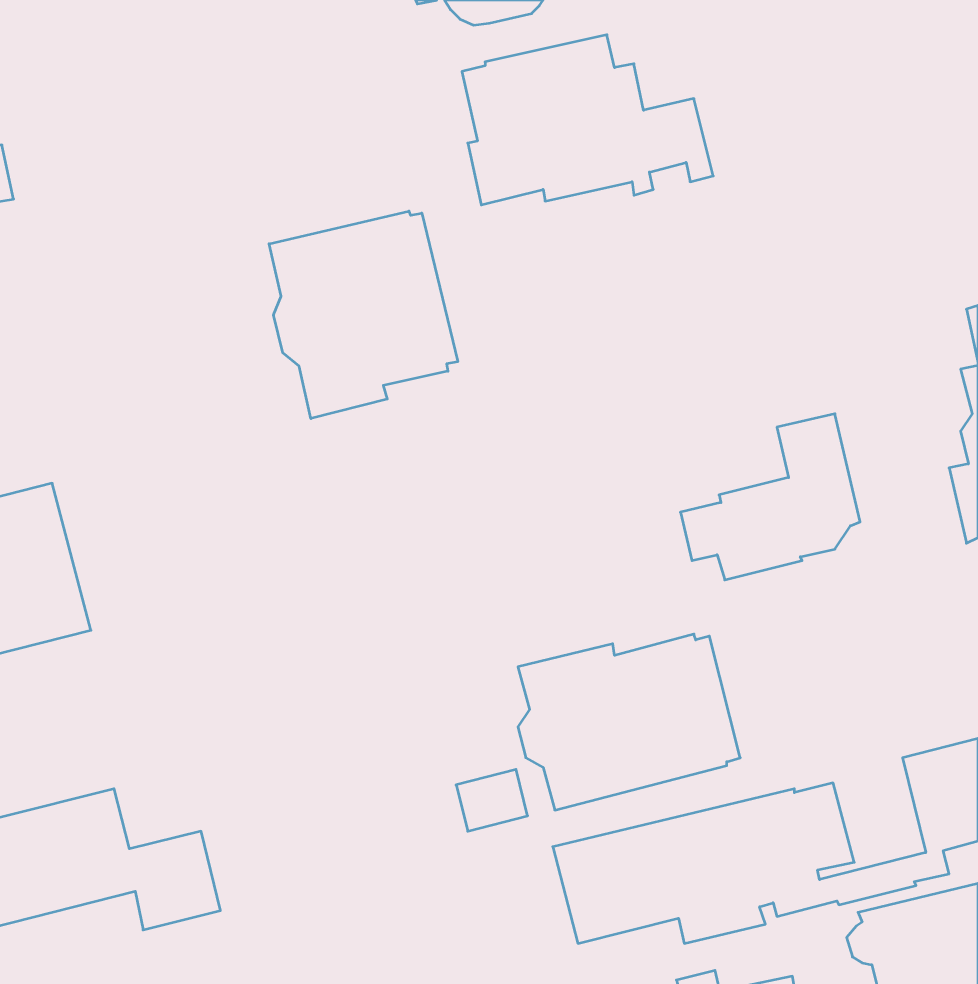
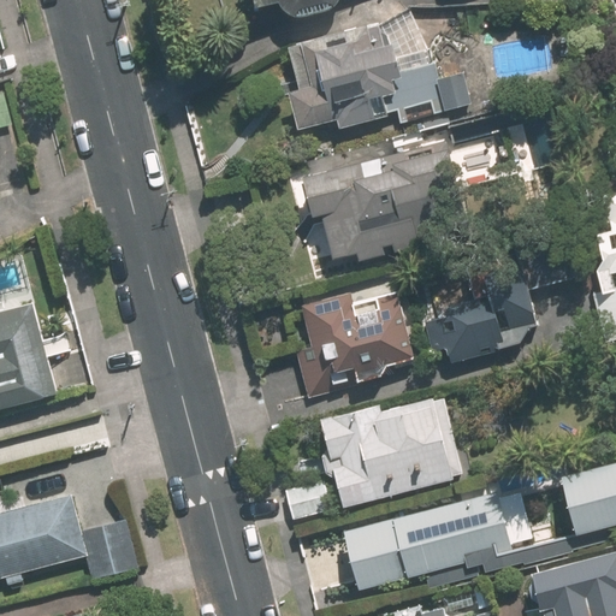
building: [269,211,458,419] -> none
building: none -> [306,141,470,260]
building: none -> [295,283,415,399]

